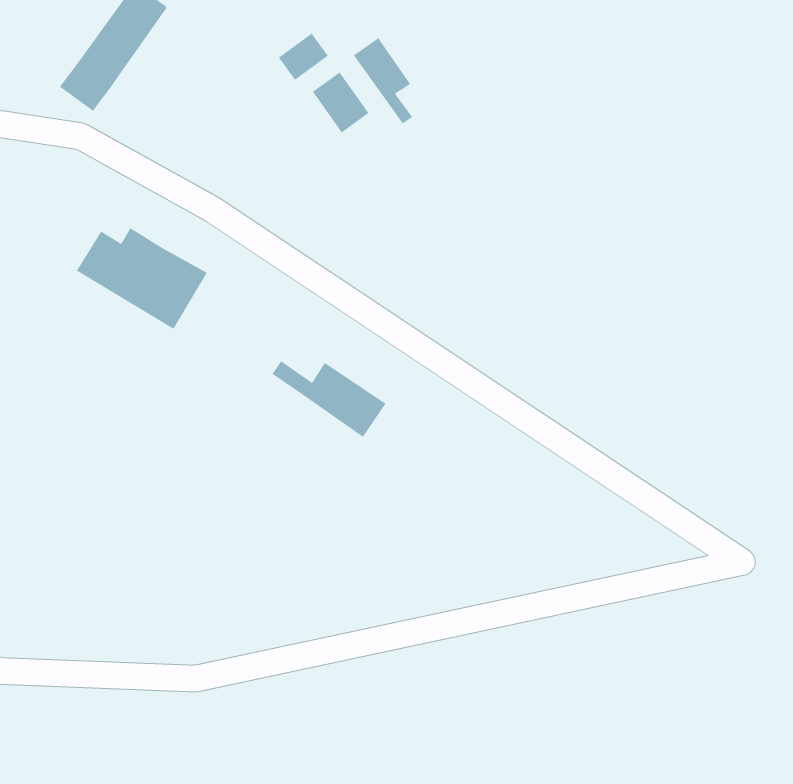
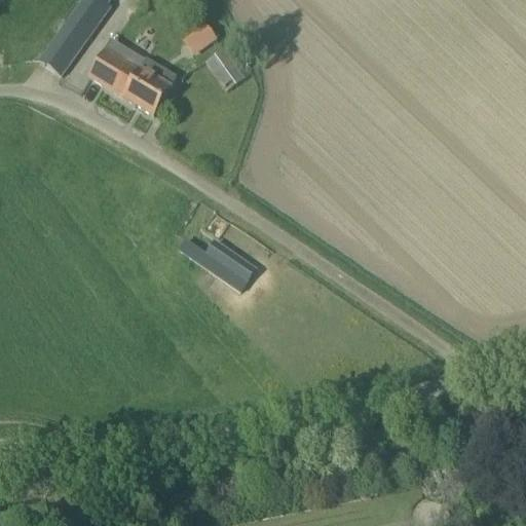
building: [353,37,413,125] -> none
building: [76,227,208,330] -> [89,46,177,114]

